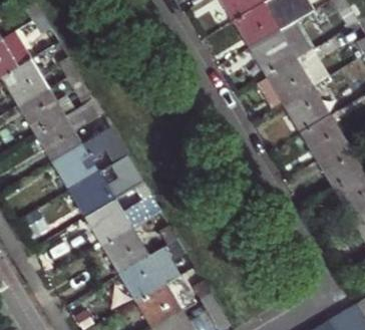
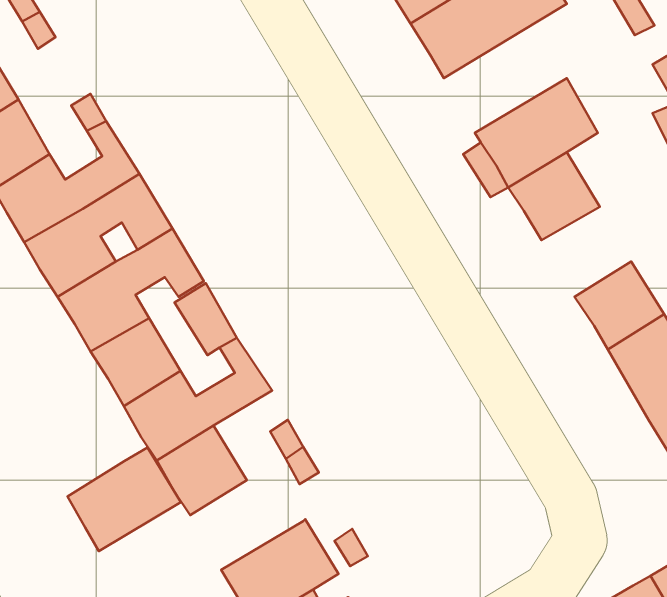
building: [250,19,314,76] -> none
building: [300,114,346,160] -> none
building: [119,248,177,301] -> [68,448,181,551]

